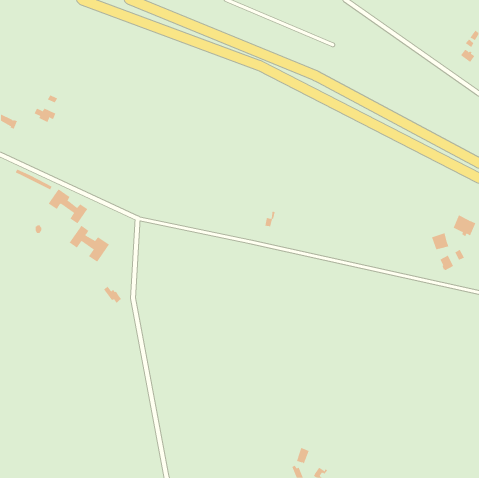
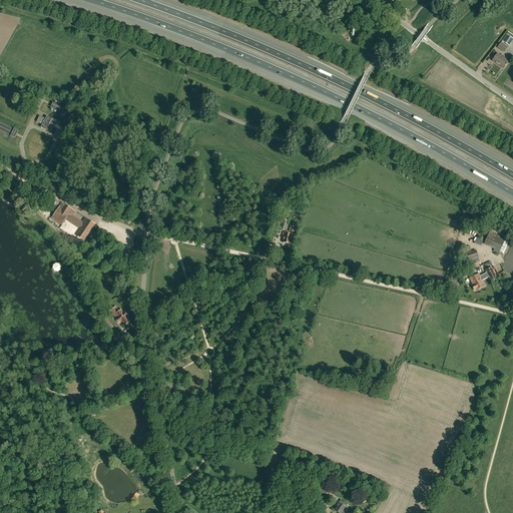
building: [69,225,110,262] -> none

